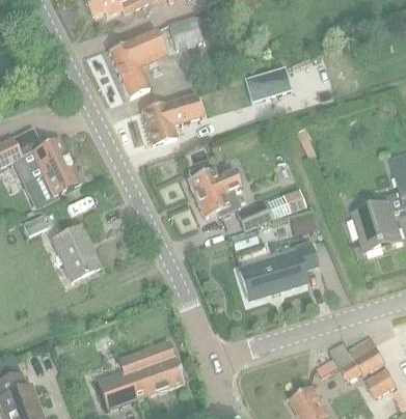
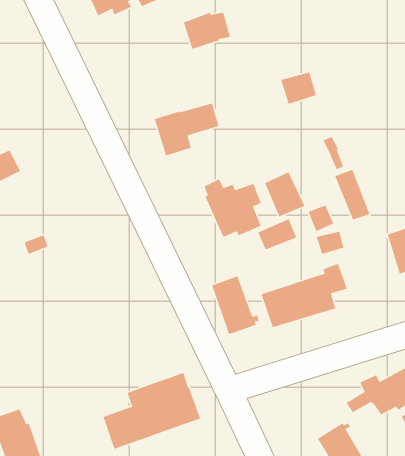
building: [108,30,165,97] -> none
building: [22,137,80,210] -> none
building: none -> [334,169,370,221]
building: none -> [264,171,306,218]
building: [51,224,100,280] -> none
building: none -> [211,275,259,335]

